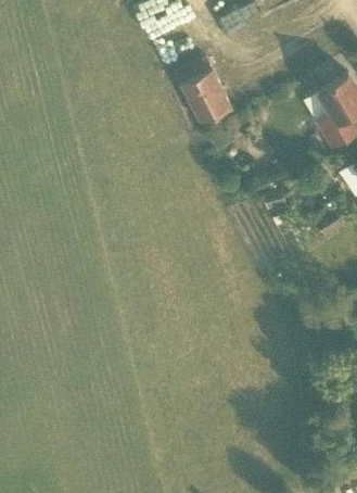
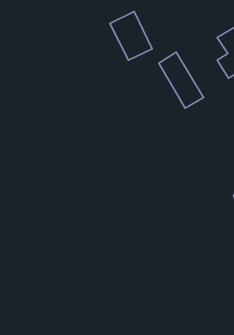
building: none -> [159,52,204,108]

